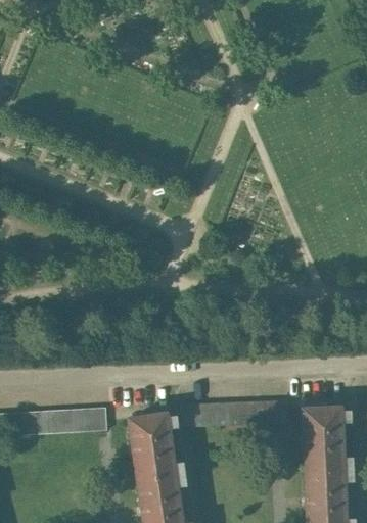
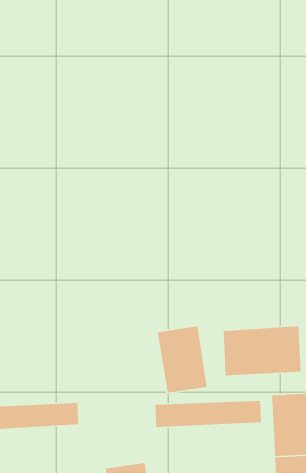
building: none -> [223,326,302,376]
building: [127,406,177,473] -> [157,326,207,394]

